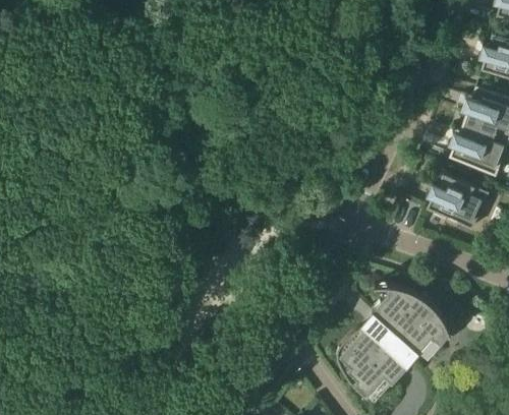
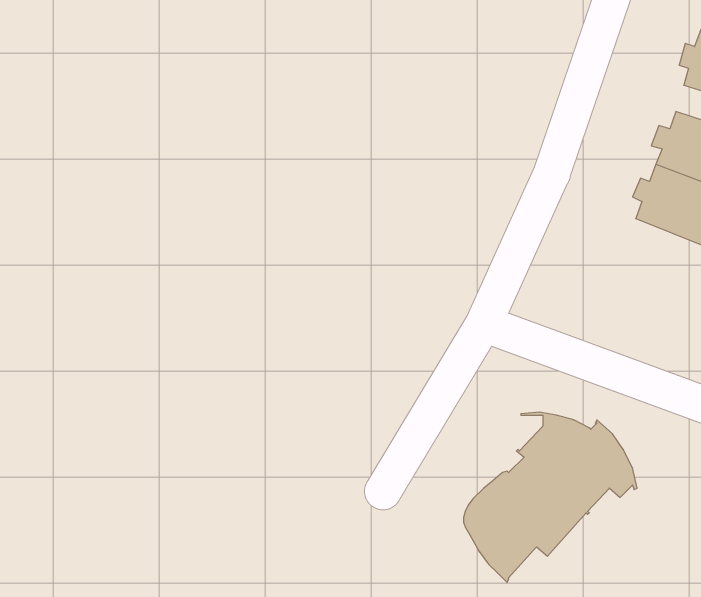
building: [428,175,491,231] -> none

